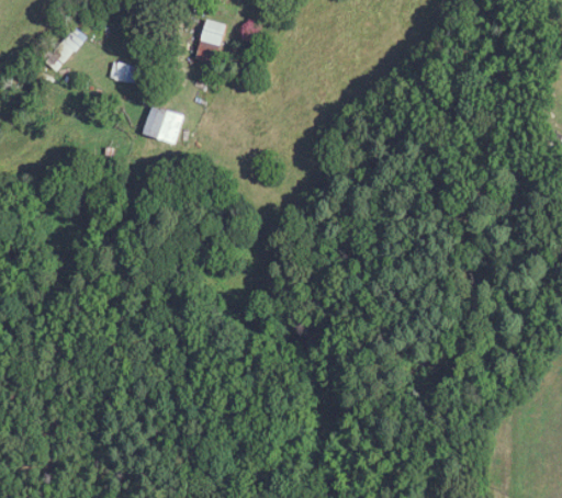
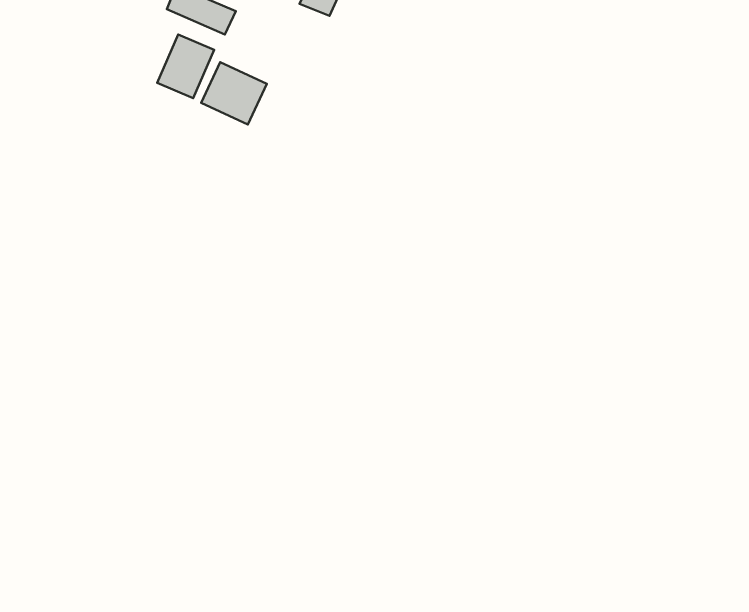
building: none -> [157,34,214,98]

